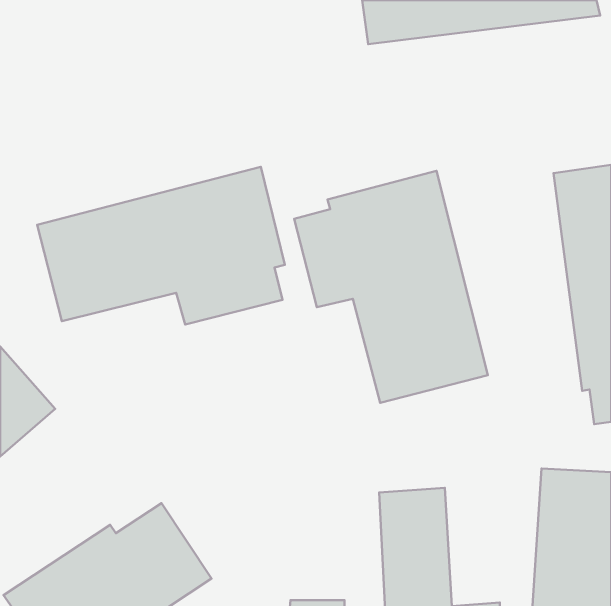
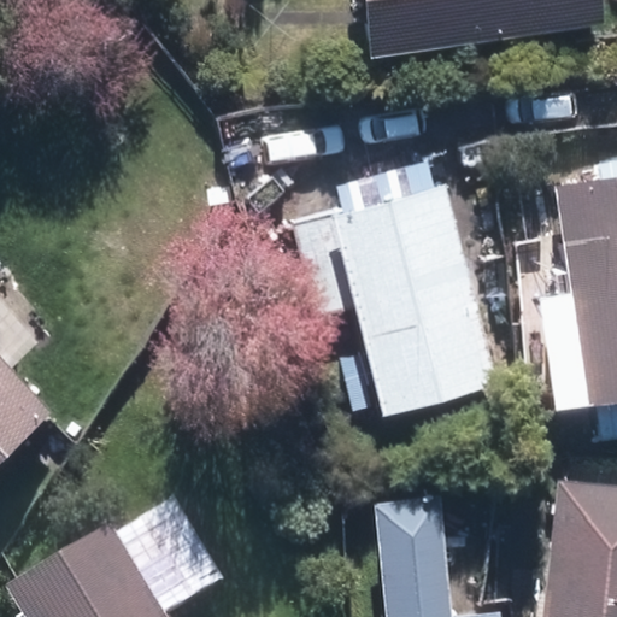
building: [37,167,285,324] -> none

